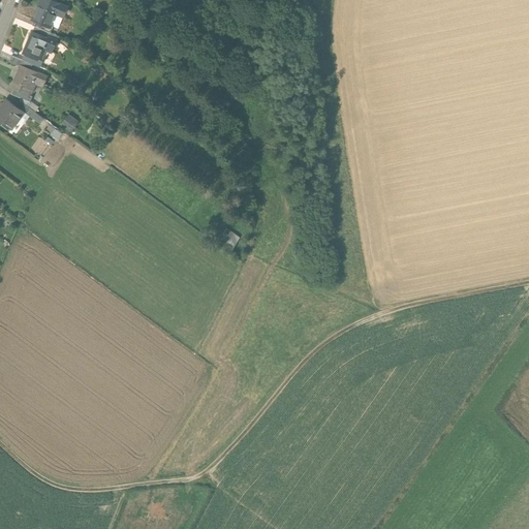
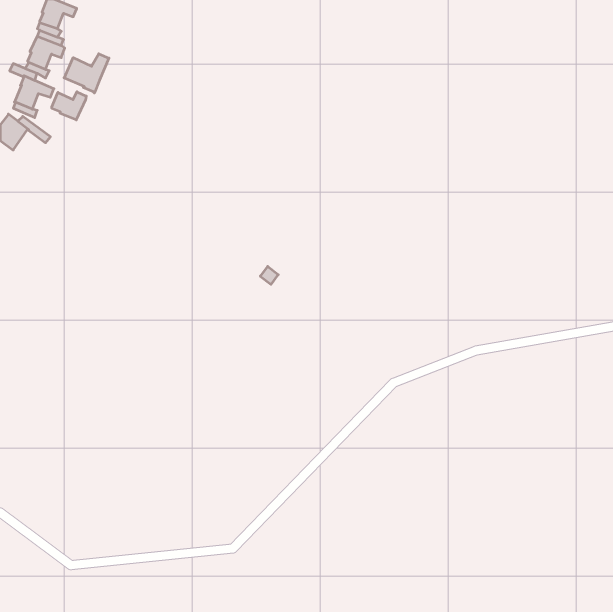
building: none -> [64,54,109,93]
building: none -> [52,92,86,120]

